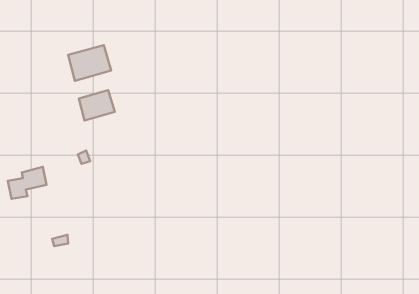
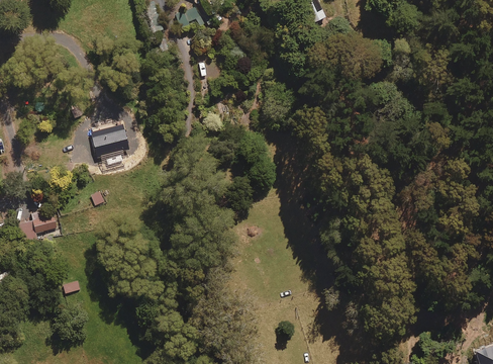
building: [68,45,111,81] -> none

